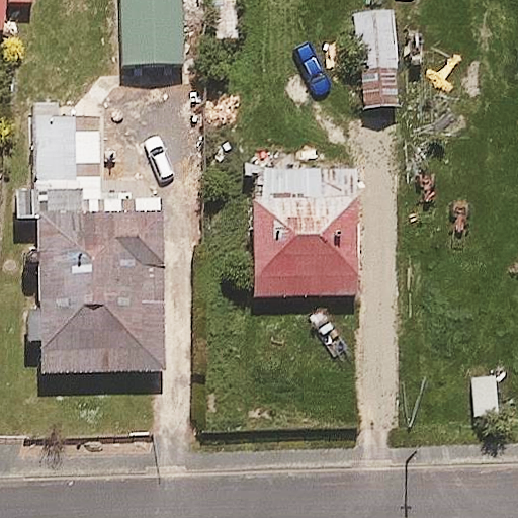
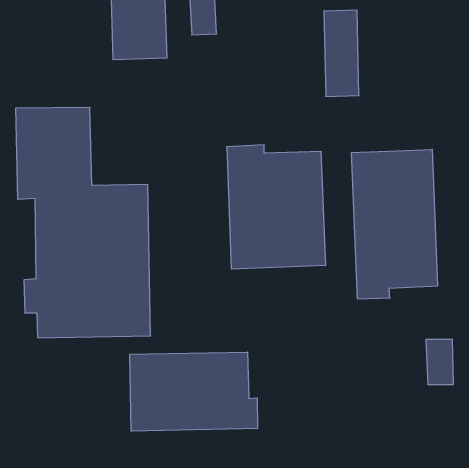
building: none -> [352,149,437,299]
building: none -> [130,352,257,431]

